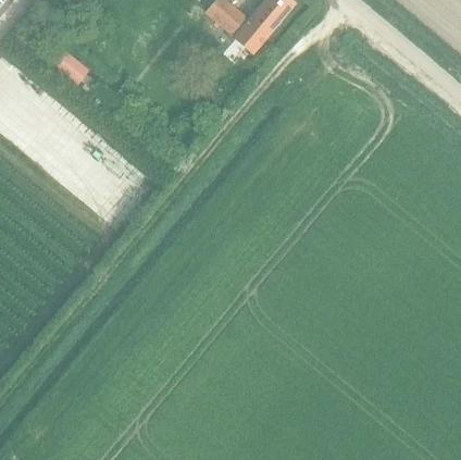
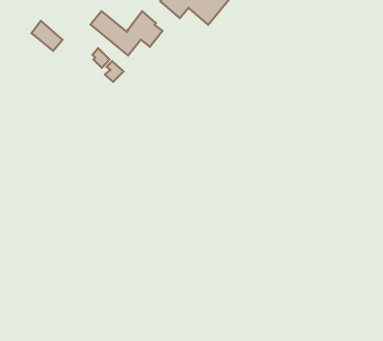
building: none -> [91,11,163,55]

